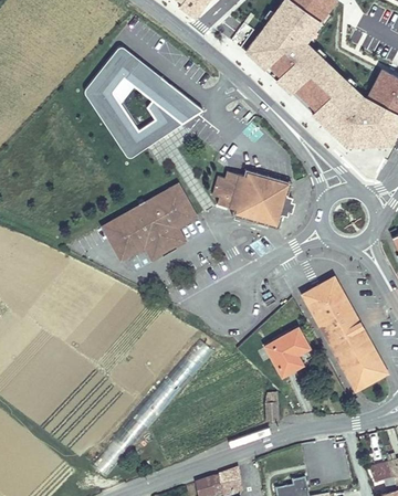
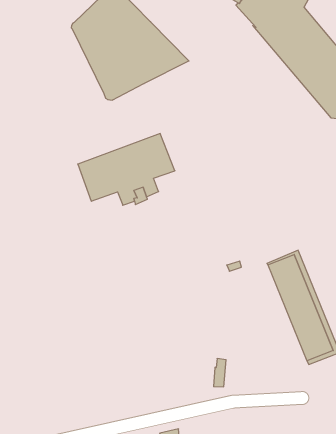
building: [219,173,299,225] -> none
building: [265,329,307,377] -> none

